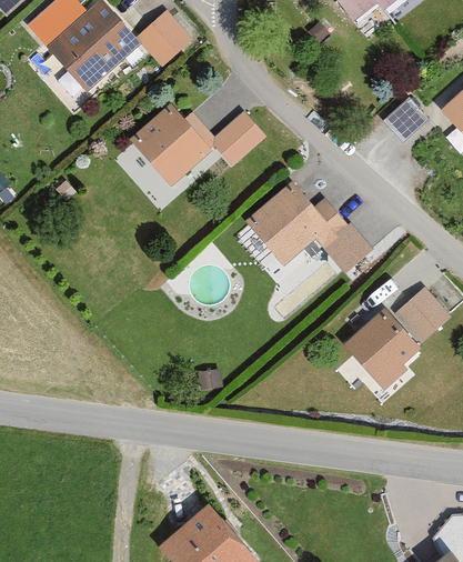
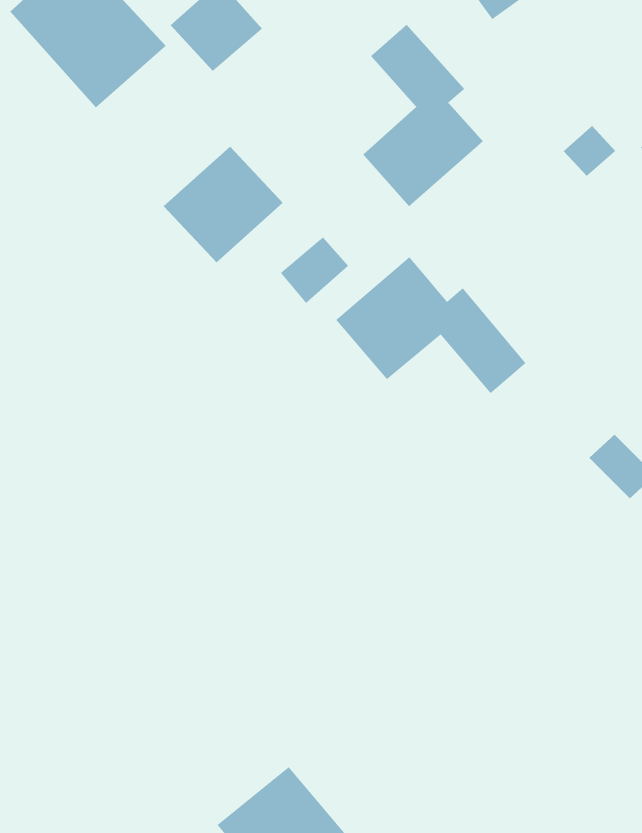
building: none -> [363,24,484,207]
building: [209,117,253,160] -> [280,237,349,304]
building: [348,312,421,385] -> none

